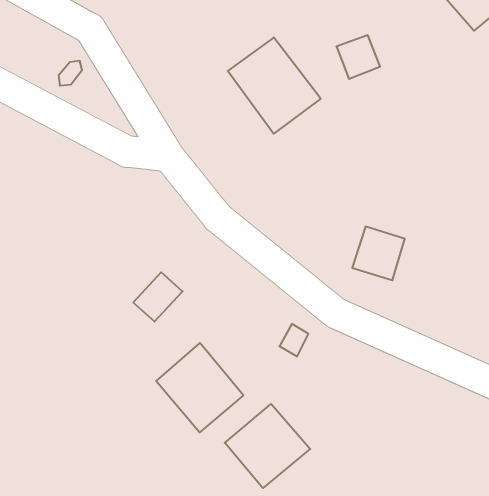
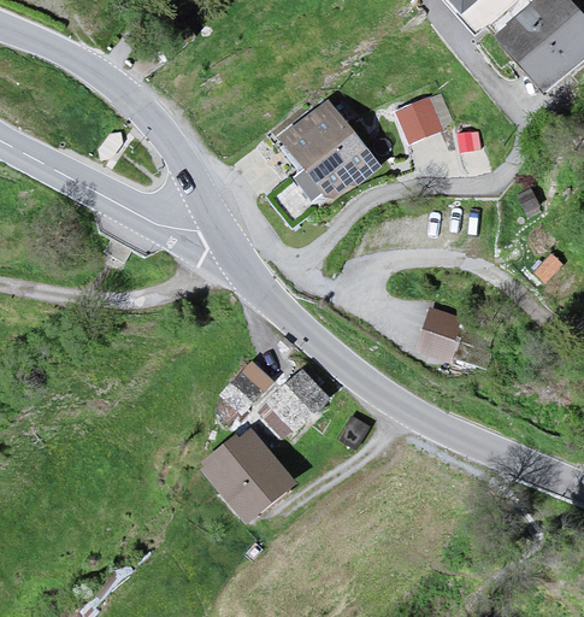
building: [133,272,183,322] -> [220,362,273,415]
building: none -> [267,369,331,431]
building: [225,404,310,488] -> none

